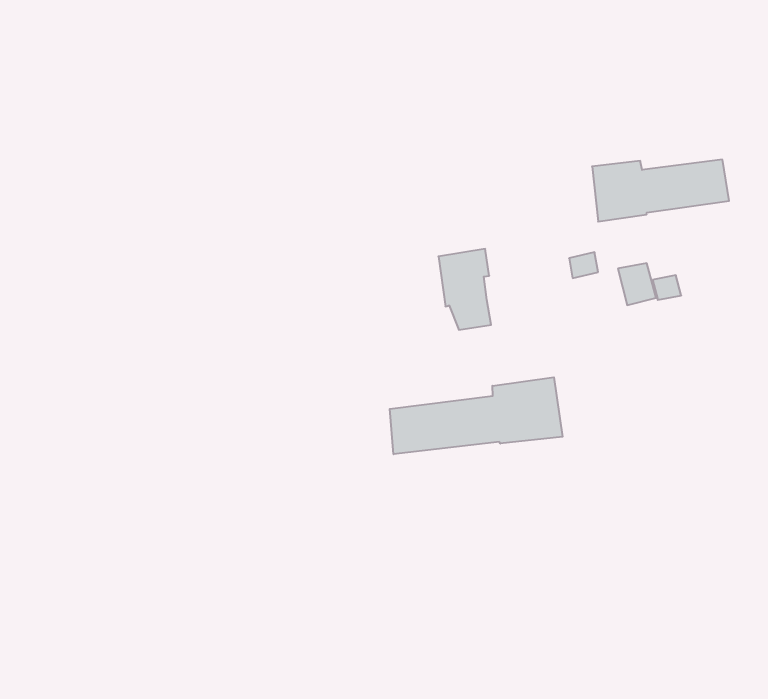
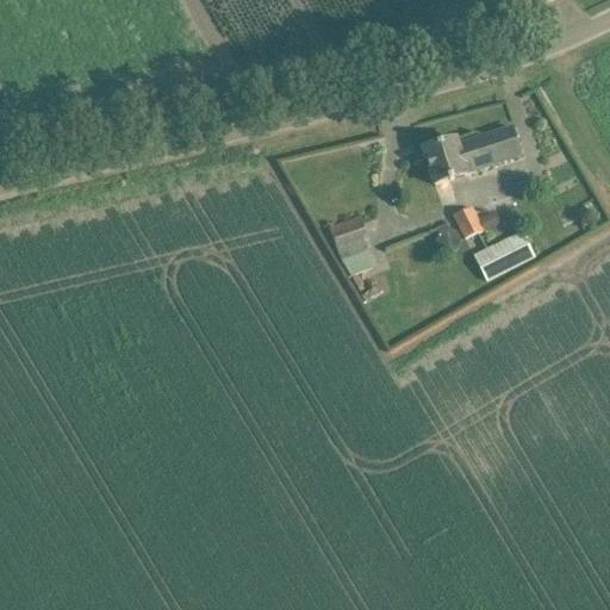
building: none -> [473,229,535,280]
building: [390,377,563,454] -> none

